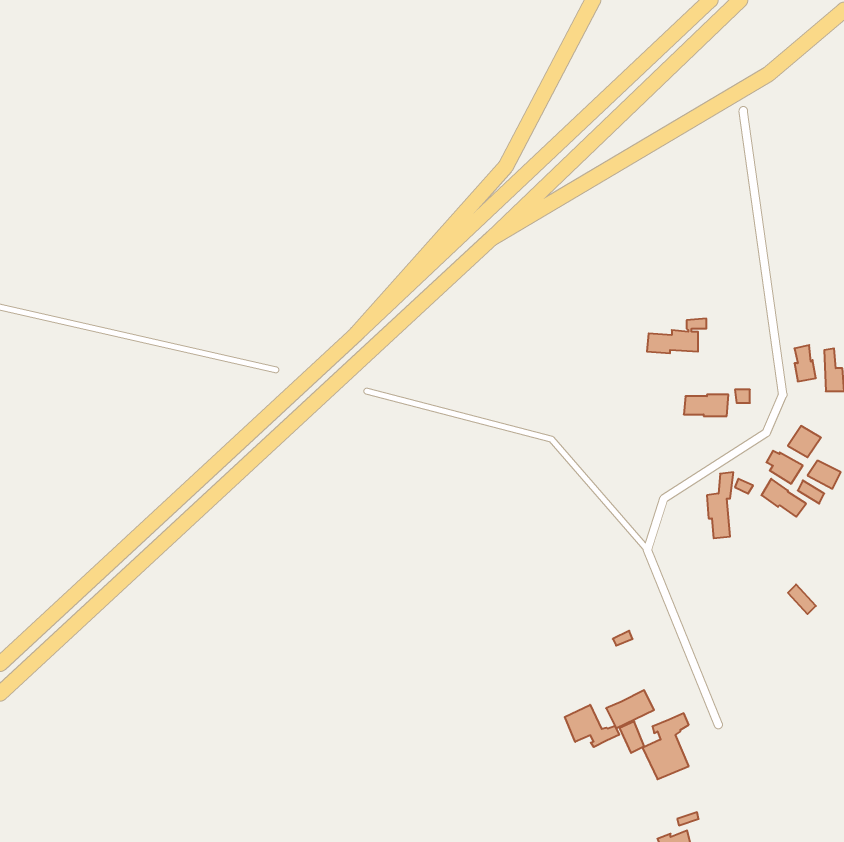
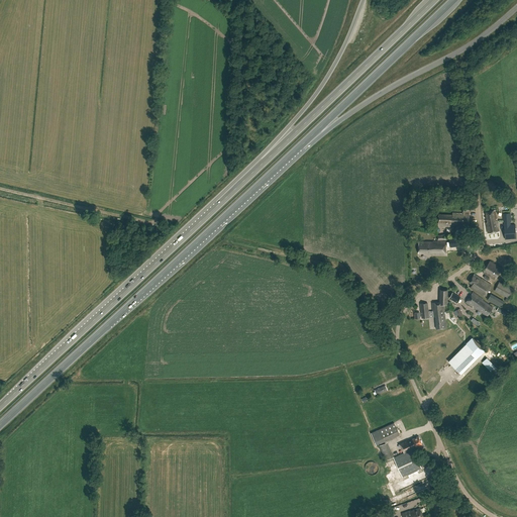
building: [647,319,706,353] -> [437,206,474,227]
building: none -> [448,338,485,375]
building: [565,705,619,747] -> none

